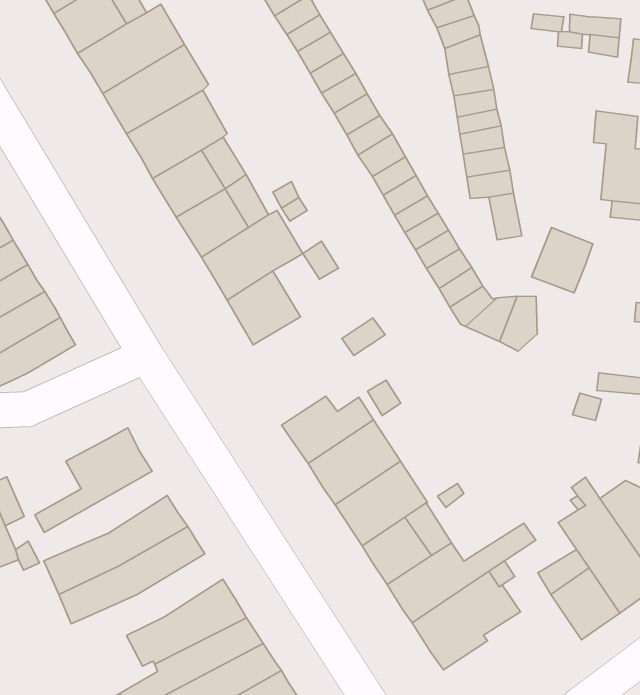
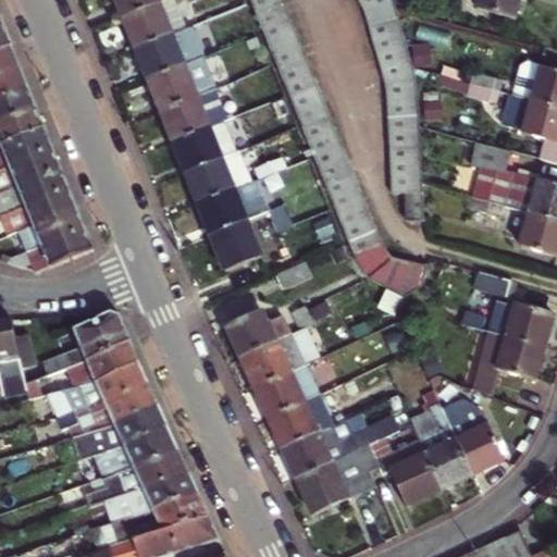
building: [532,228,593,293] -> none
building: none -> [67,343,141,386]
building: none -> [77,406,171,458]

